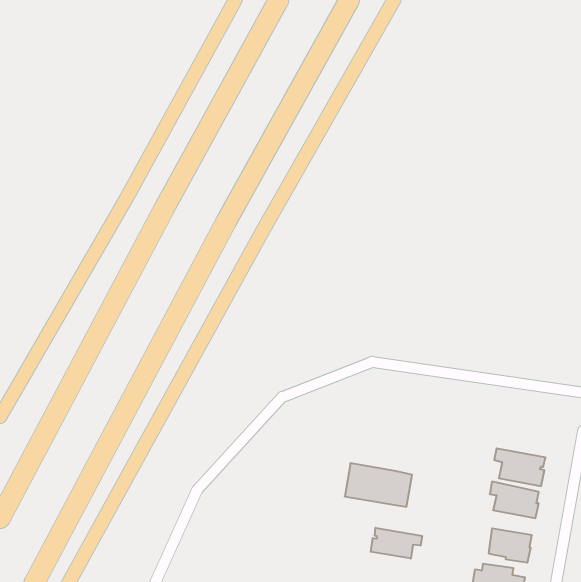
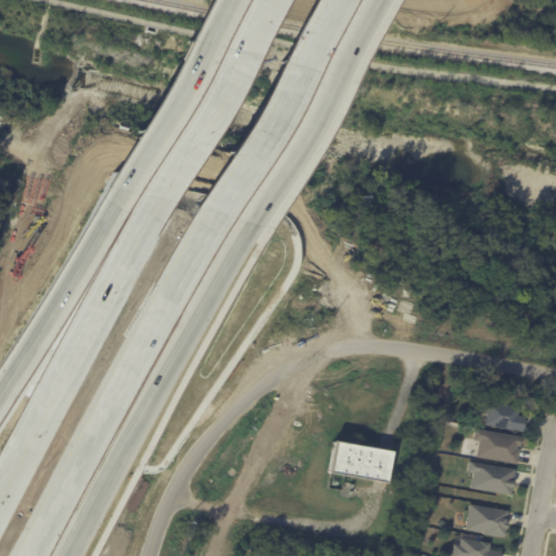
building: none -> [482,400,525,431]
building: [371,528,422,559] -> none

